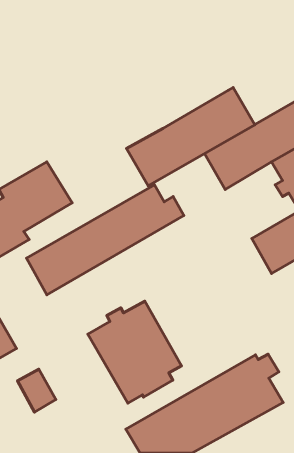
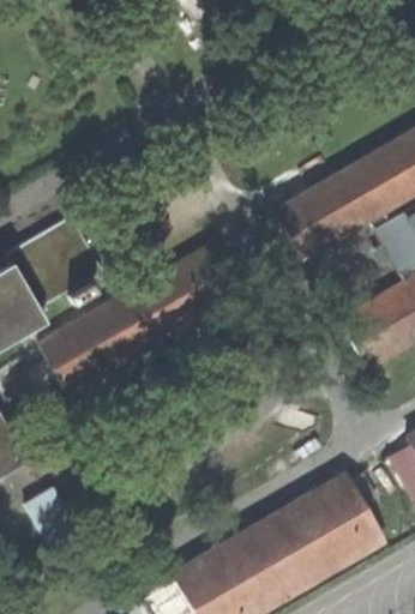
building: [127,87,255,186] -> none
building: [88,301,181,403] -> none

